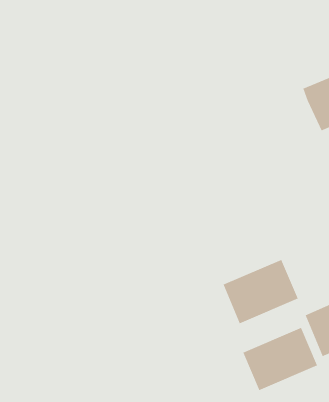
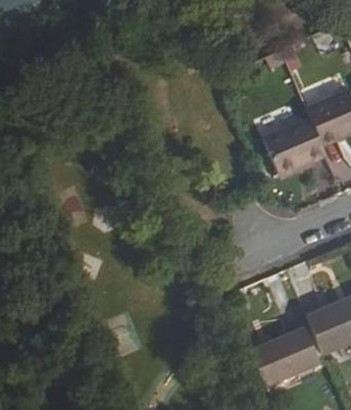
building: none -> [261,114,327,173]
building: [223,259,298,324] -> none

